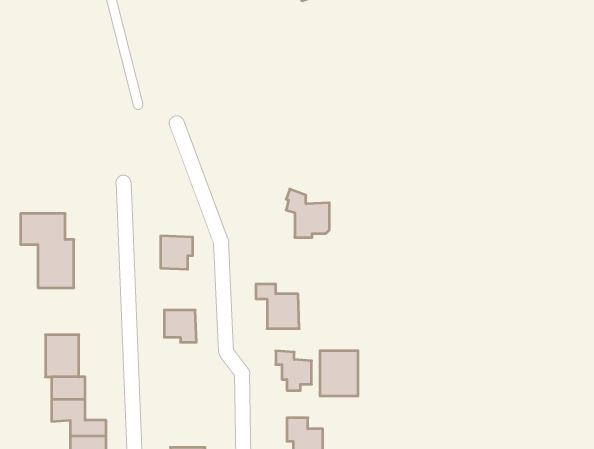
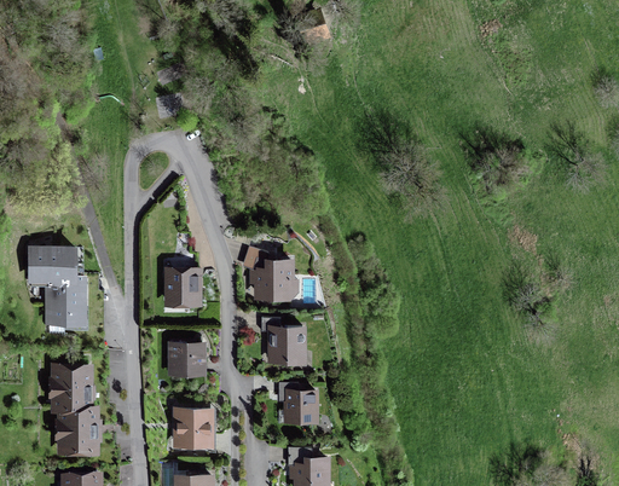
building: [286,189,329,237] -> [248,249,290,296]
building: [320,351,358,396] -> none
building: none -> [177,411,208,446]

